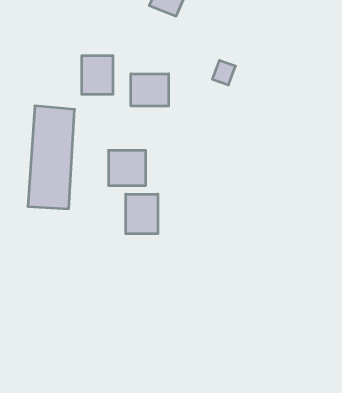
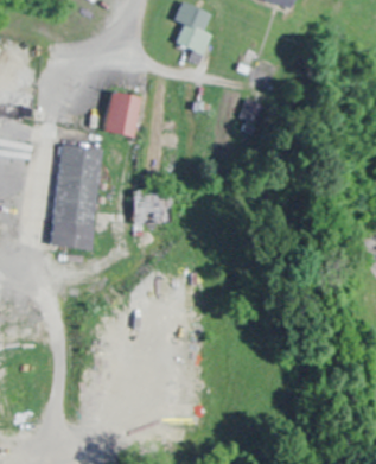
building: [131,74,169,106] -> none
building: [126,194,158,234] -> none

